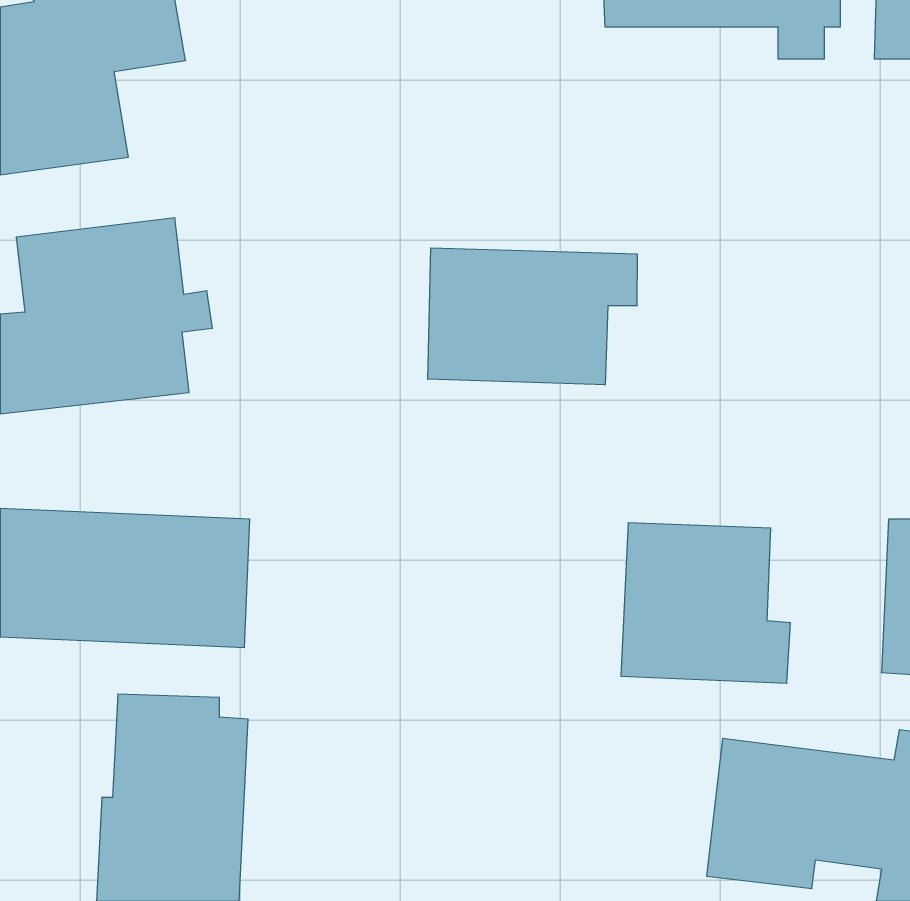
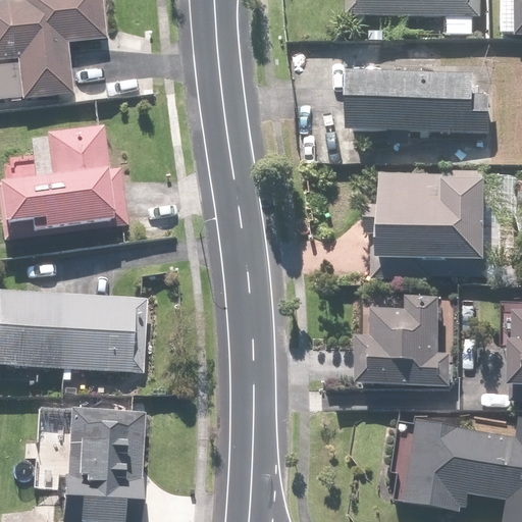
building: none -> [350,77,488,135]
building: [428,248,637,385] -> none
building: none -> [374,166,488,282]

